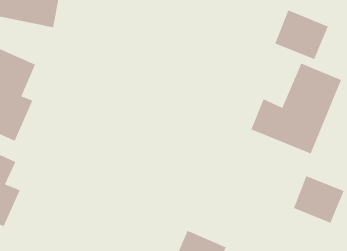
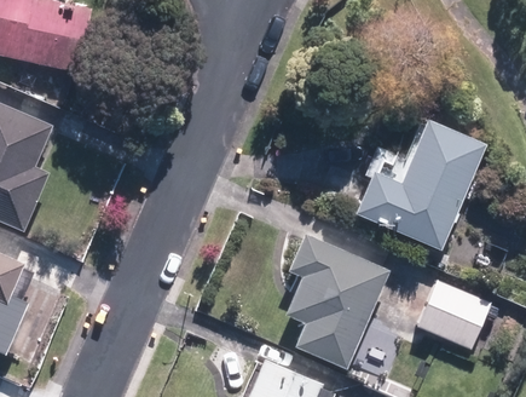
building: [275,10,329,60] -> none
building: none -> [284,234,389,370]

